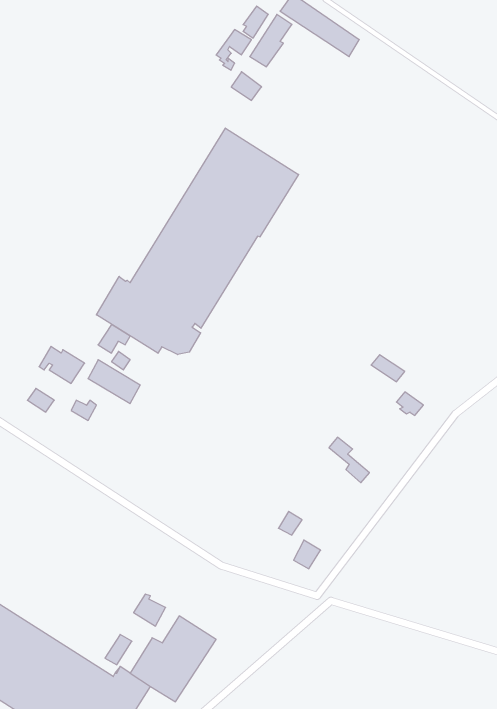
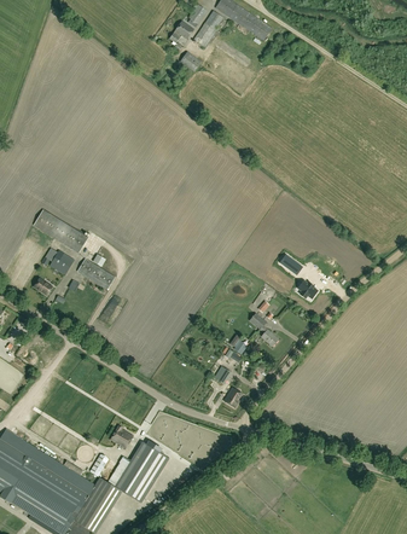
building: [96,128,299,355] -> none
building: none -> [34,210,88,253]

